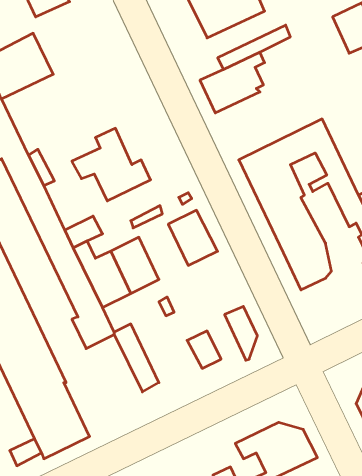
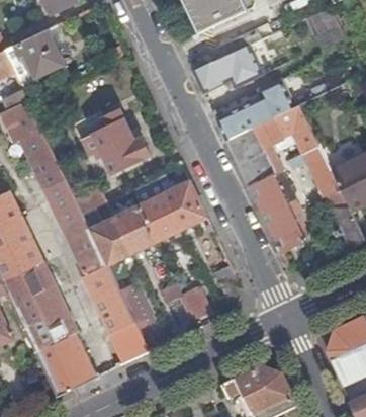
building: none -> [214,79,293,140]
building: none -> [140,195,182,243]
building: none -> [94,290,149,364]

